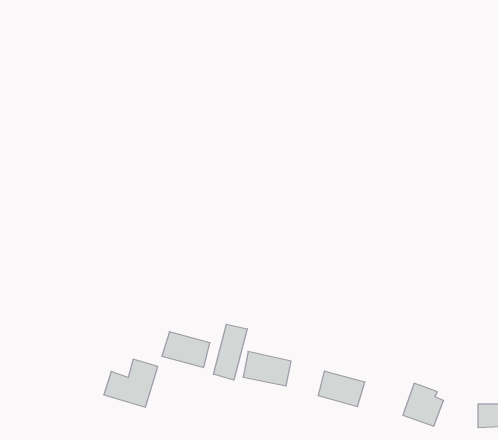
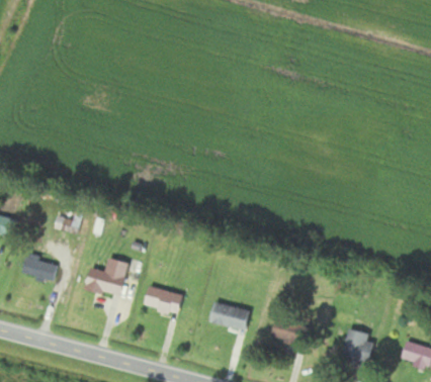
building: none -> [21,256,58,283]
building: [214,324,247,380] -> none
building: [104,359,158,407] -> [84,258,128,297]

